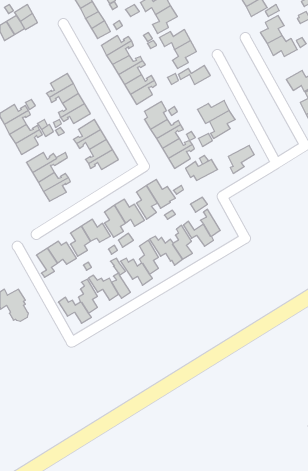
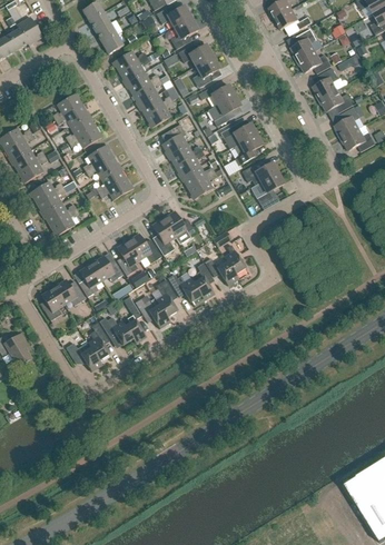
building: none -> [313,67,338,99]
building: none -> [208,95,240,126]
building: [186,159,218,180] -> [243,161,278,185]

